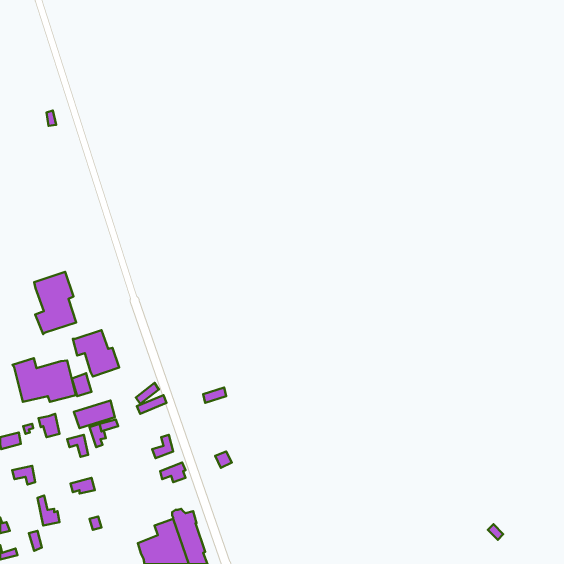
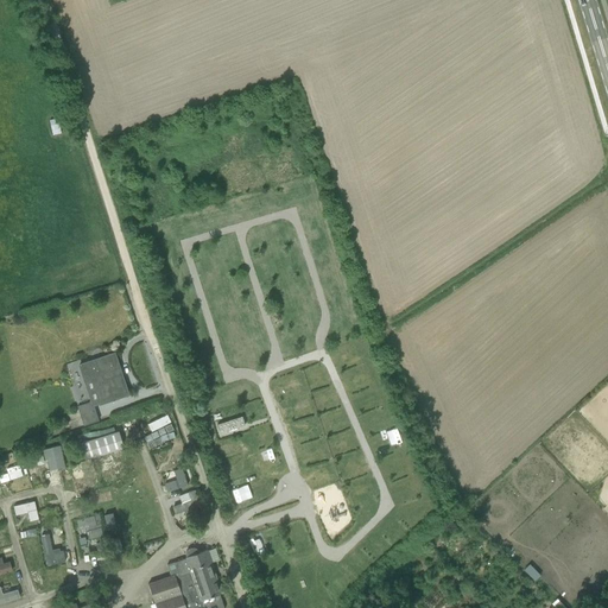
building: [34,272,76,334] -> none
building: [13,358,76,402] -> none

